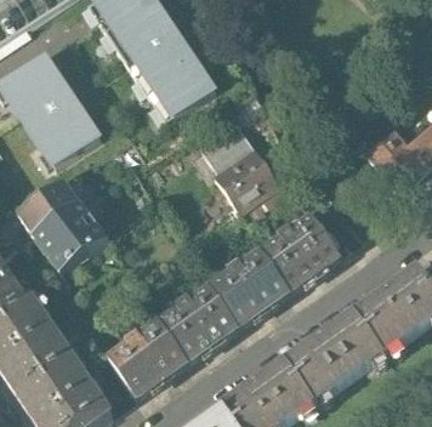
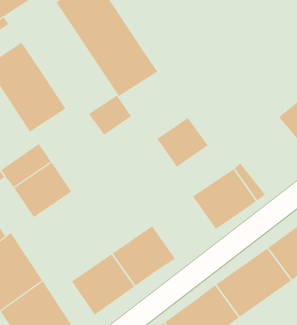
building: [200,121,255,172] -> [88,95,132,136]
building: [210,247,289,325] -> none

